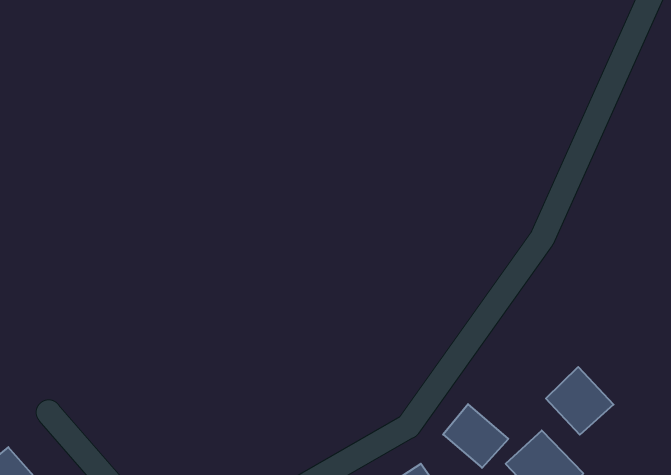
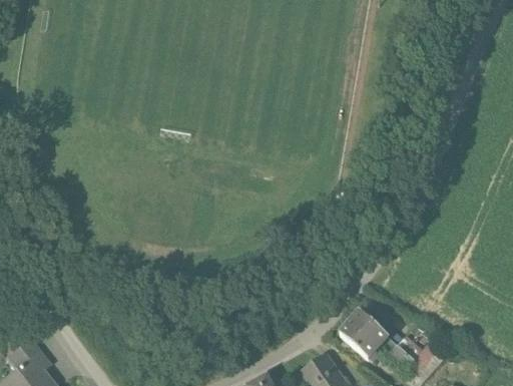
building: [546,367,614,435] -> none

